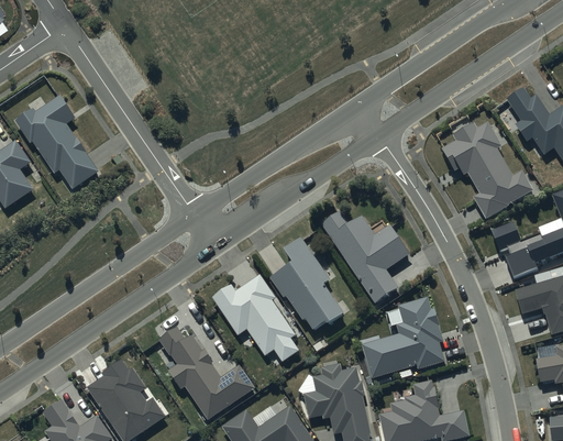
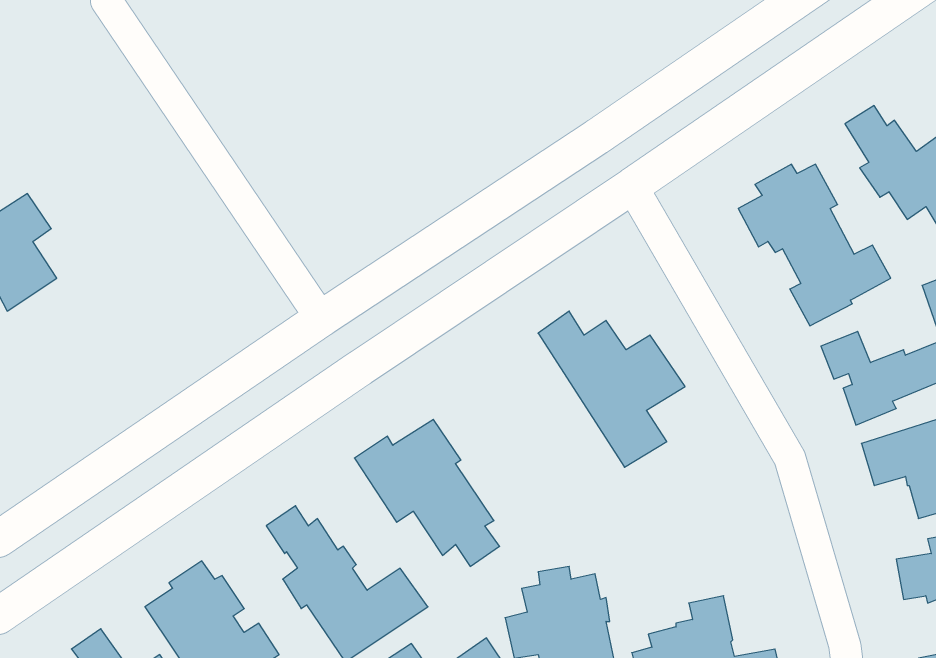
building: [15,95,100,189] -> none
building: [269,236,344,330] -> none
building: [362,296,444,378] -> none

